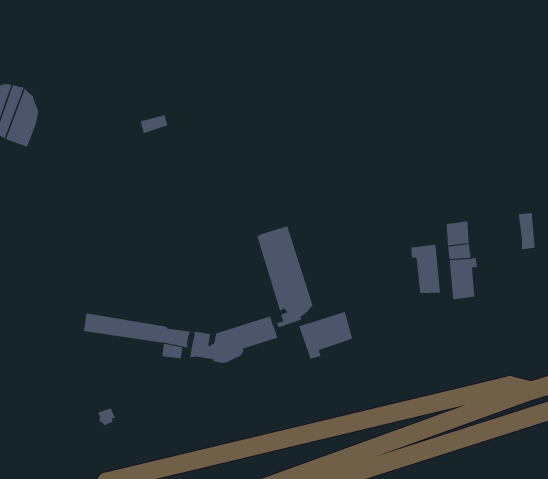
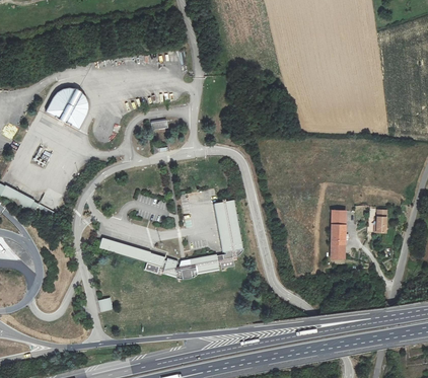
building: [411,244,441,294] -> none
building: [299,311,353,359] -> none

